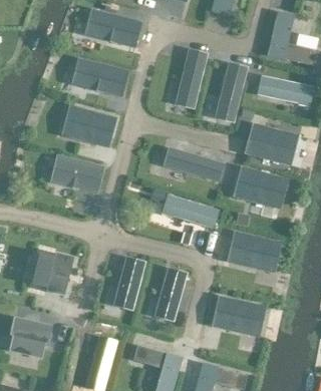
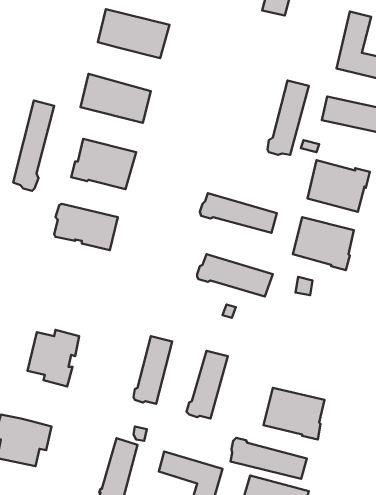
building: [176,50,207,107] -> none
building: none -> [13,100,54,191]
building: [228,233,275,272] -> none
building: none -> [231,438,307,479]

